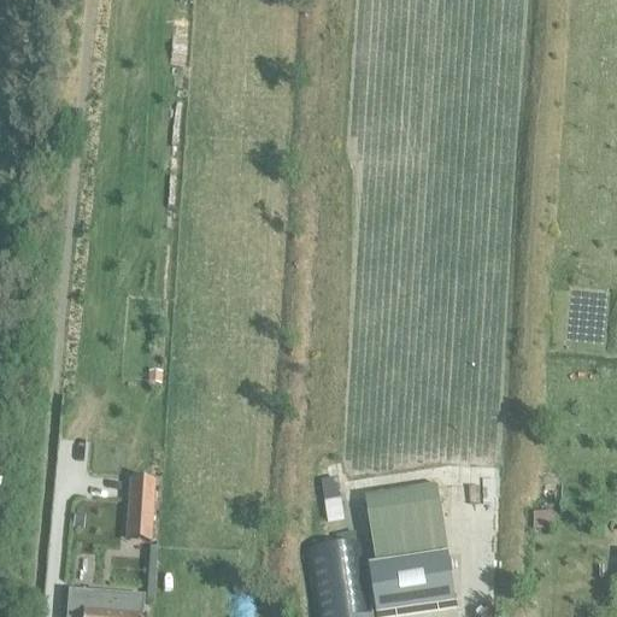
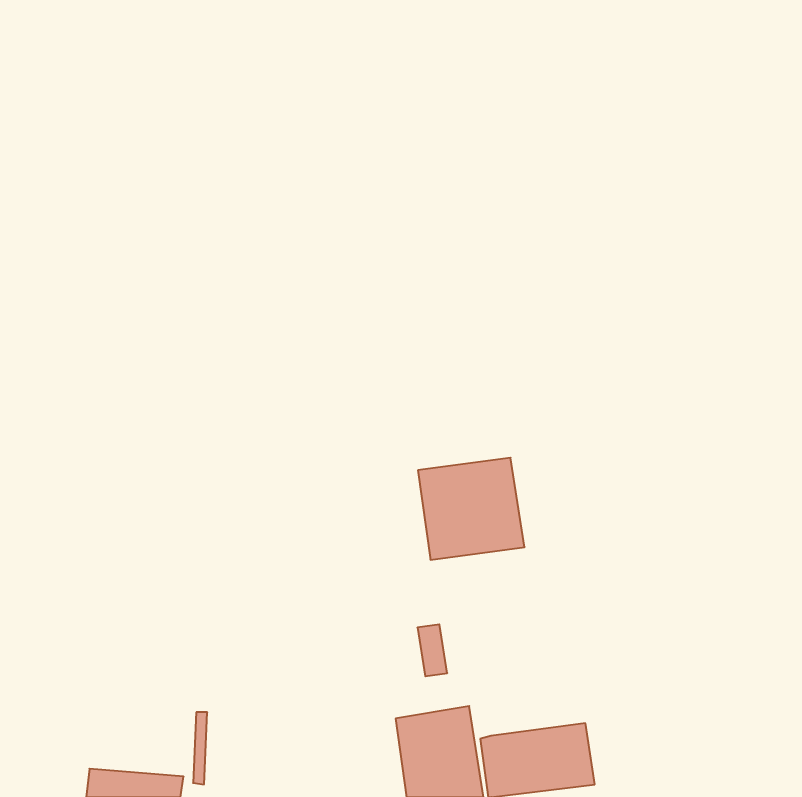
building: [125,478,155,531] -> none
building: [368,487,449,565] -> [418,458,525,560]

